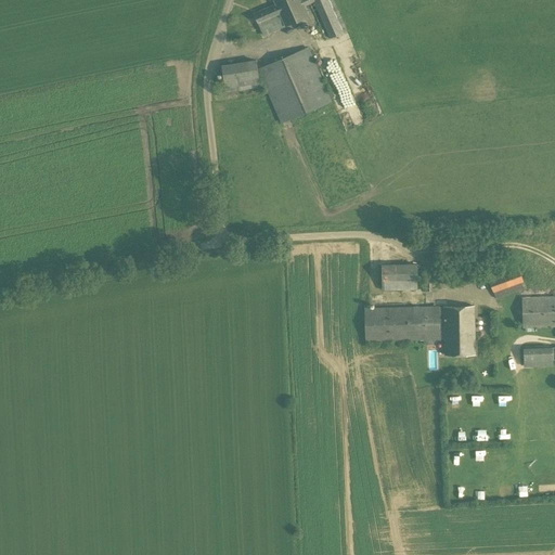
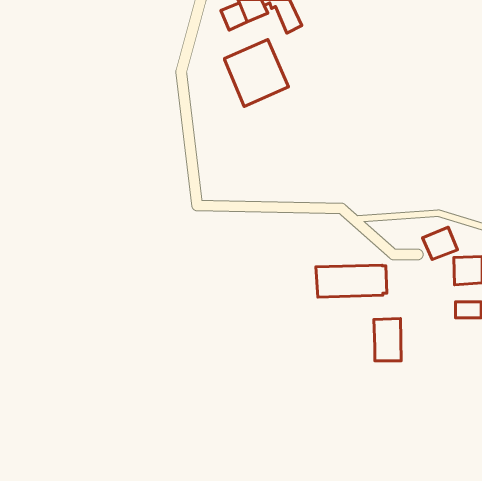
building: [221,60,260,91] -> none
building: [382,262,417,289] -> none
building: [443,305,475,353] -> [374,319,401,361]

